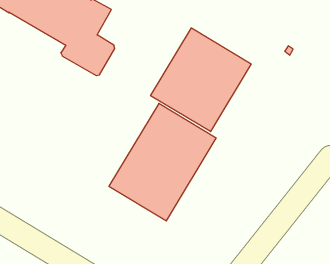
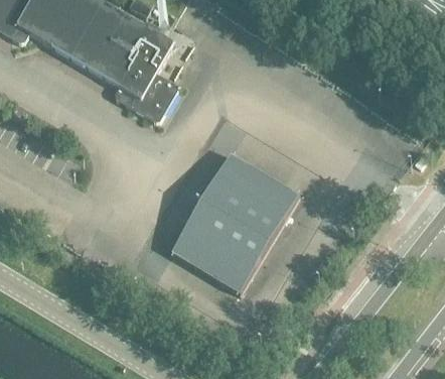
building: [151,28,251,132] -> none

